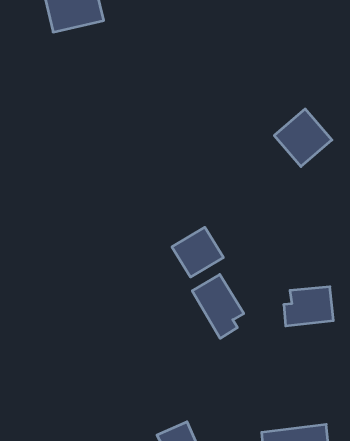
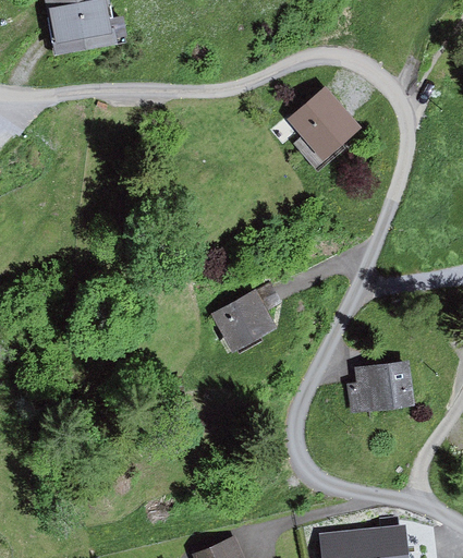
building: [274,109,332,167] -> [287,94,357,165]
building: [192,274,244,338] -> none

